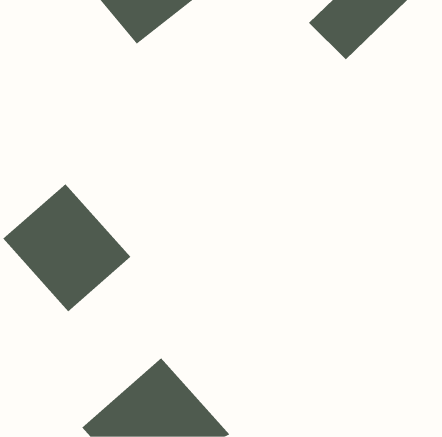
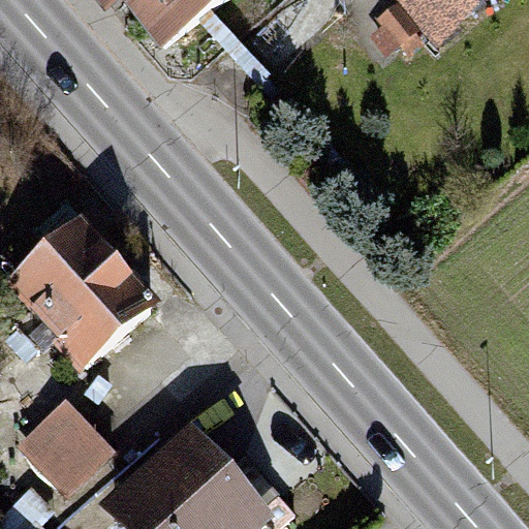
building: none -> [13,394,114,494]

